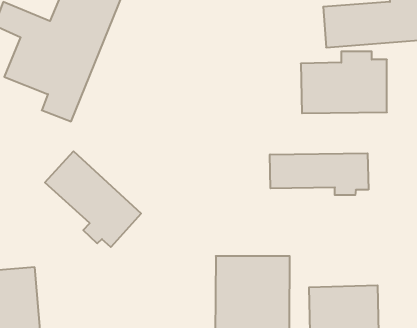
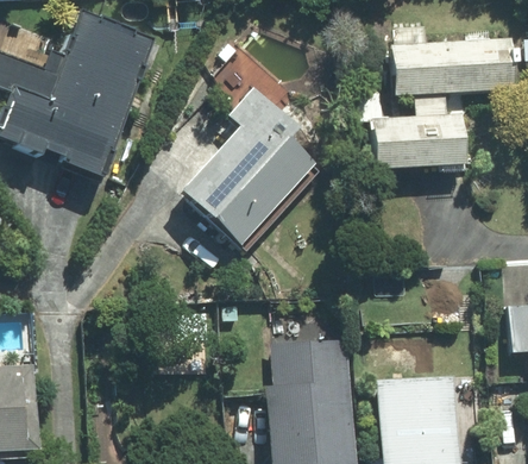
building: none -> [156,86,313,251]
building: [45,151,141,247] -> none
building: [270,153,368,195] -> none

